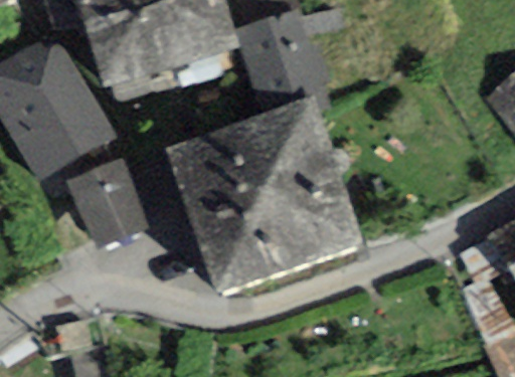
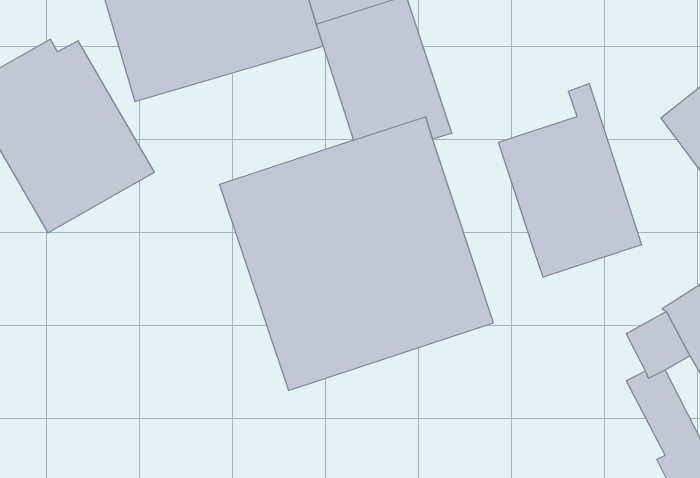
building: none -> [498,83,641,277]
building: [68,159,151,248] -> none

